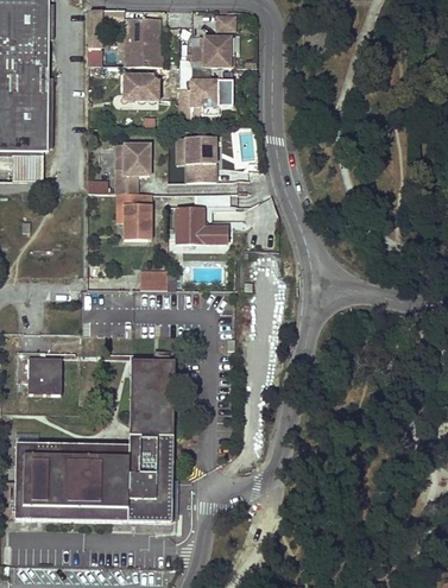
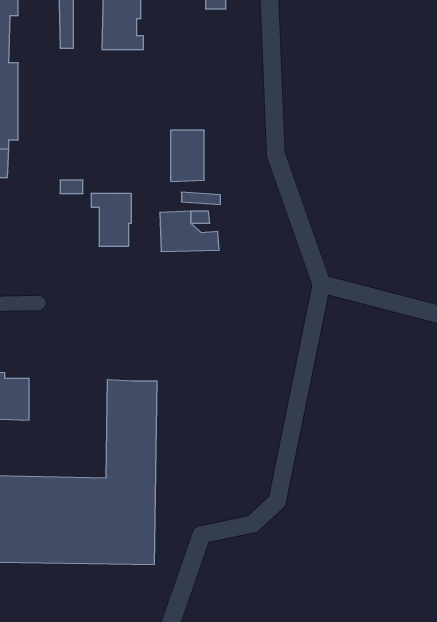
building: [200,36,233,67] -> none
building: [124,74,159,100] -> none
building: [178,80,233,125] -> none
building: [115,143,149,192] -> none
building: [139,270,166,289] -> none

